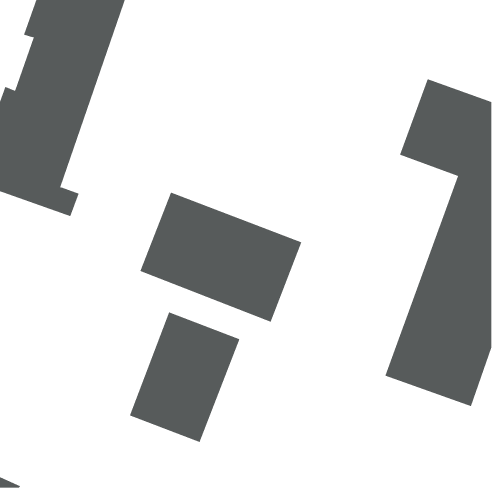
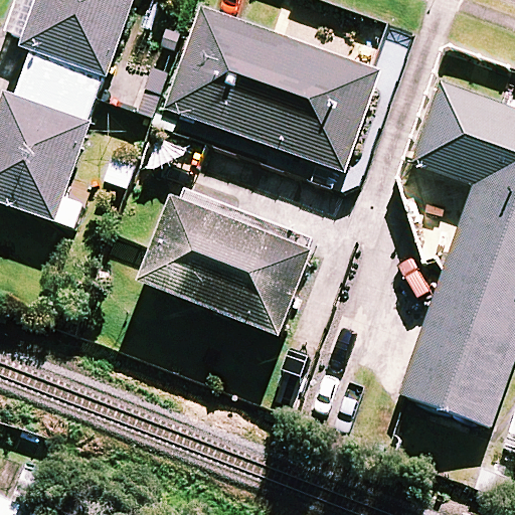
building: none -> [165,6,379,170]
building: [129,311,240,443] -> none

